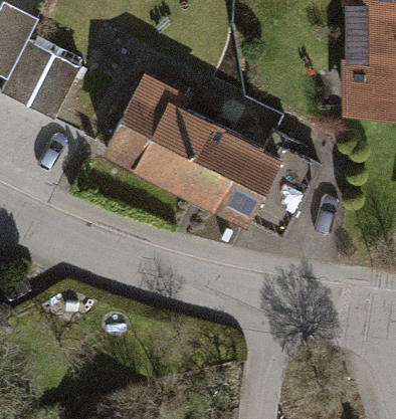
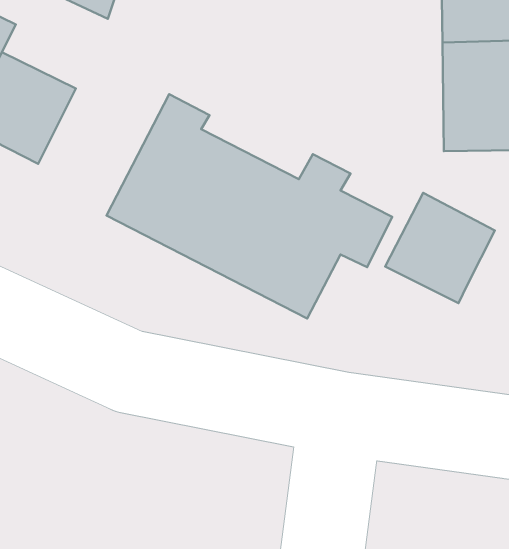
building: none -> [385,193,495,303]

